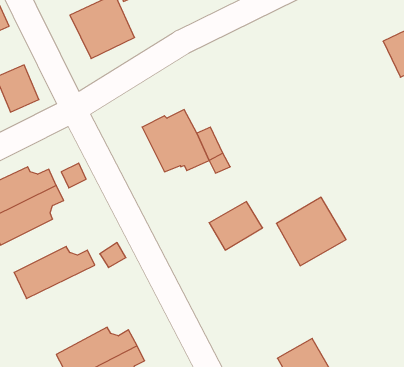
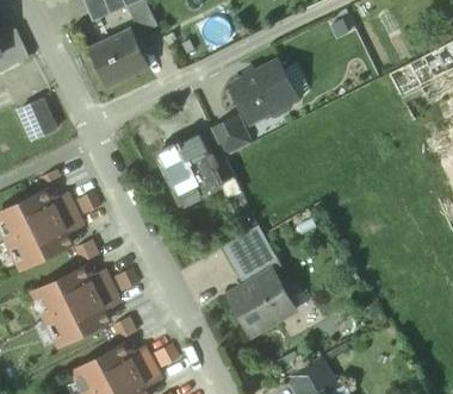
building: none -> [229,61,297,121]
building: none -> [211,117,249,156]
building: [276,197,346,266] -> [228,269,294,334]
building: none -> [45,286,118,344]

